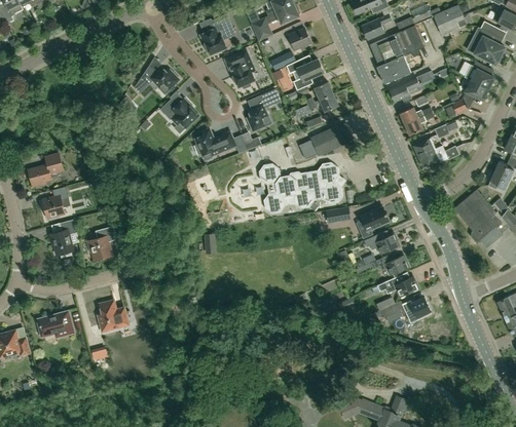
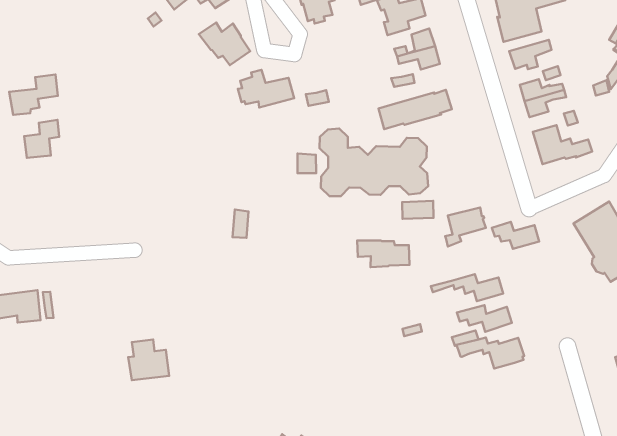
building: [247,89,282,132] -> none
building: [49,220,79,257] -> none
building: [88,226,117,260] -> none
building: [364,234,400,254] -> [492,222,539,249]
building: none -> [357,240,409,267]
building: [98,300,130,332] -> [128,340,169,380]

